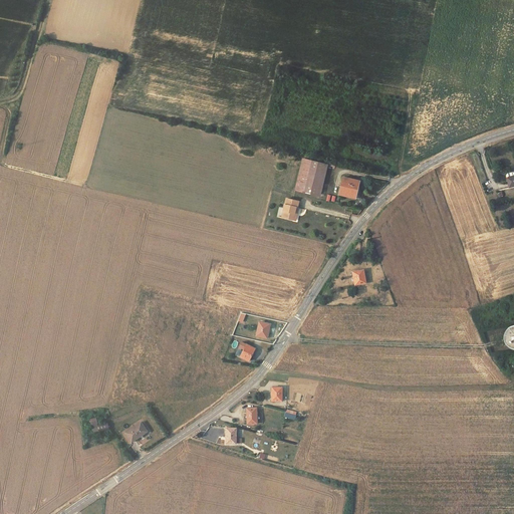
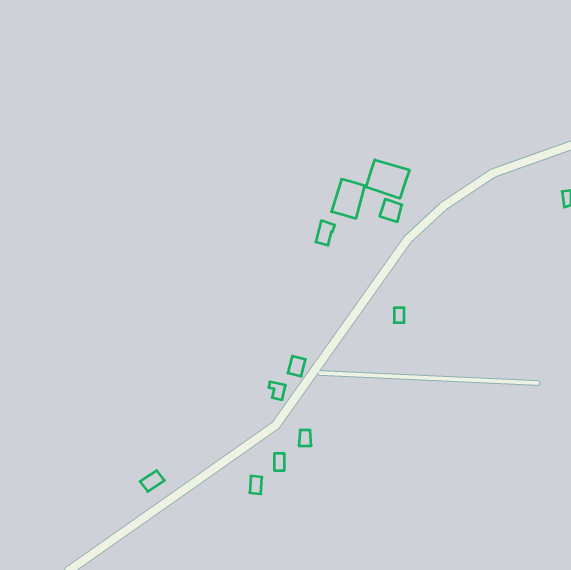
building: none -> [366,160,409,198]

